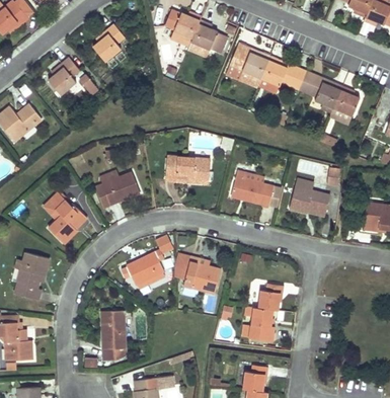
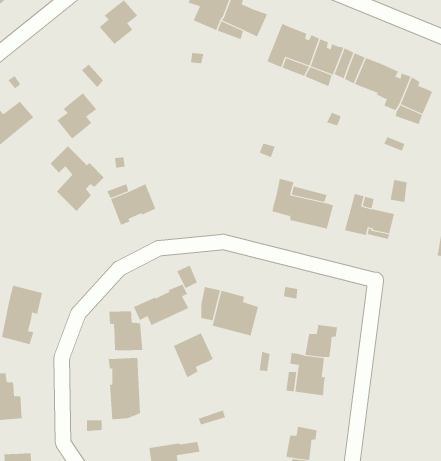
building: [48,58,80,95] -> [57,92,97,140]
building: [165,156,210,181] -> none
building: [44,192,87,245] -> [50,146,105,212]
building: none -> [109,310,143,351]
building: none -> [173,332,214,378]

